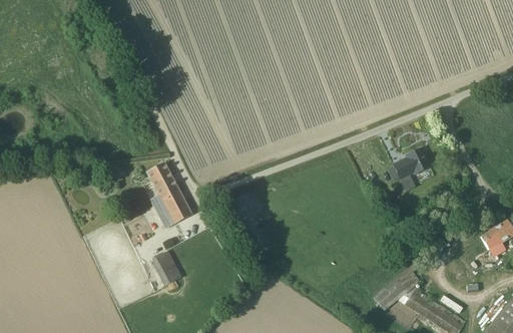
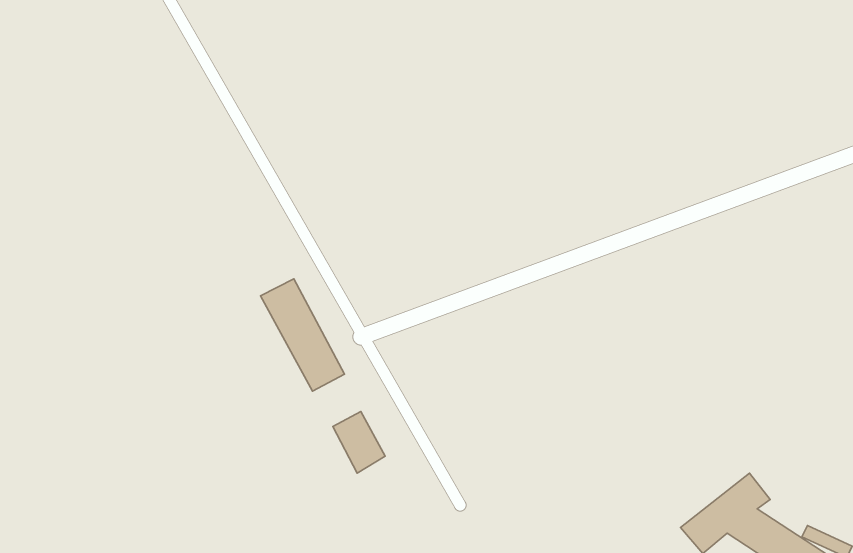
building: [394,147,430,179] -> none
building: [152,252,180,285] -> [333,411,385,473]

